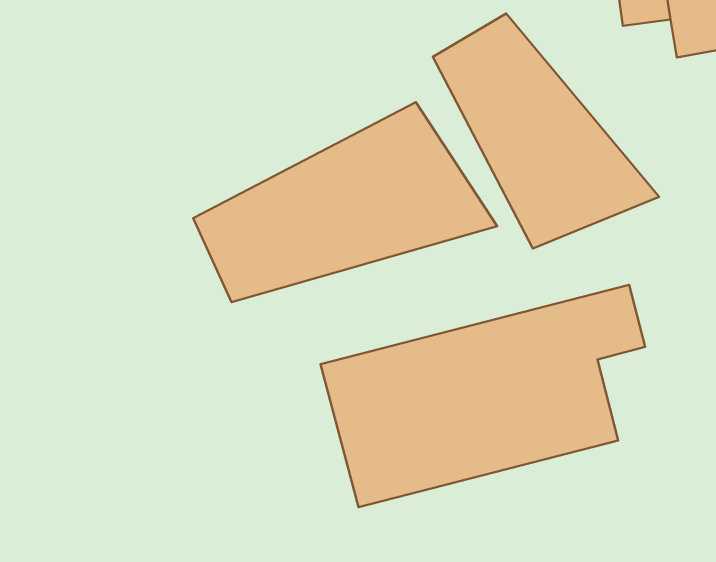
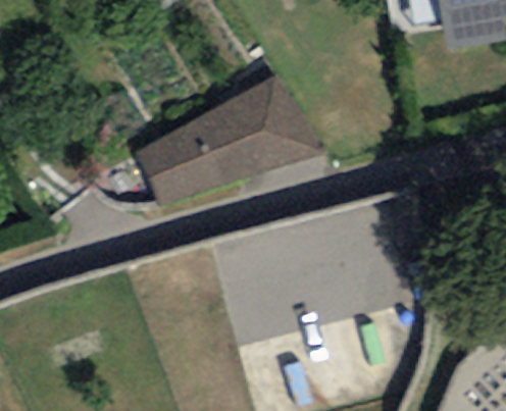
building: [433,14,659,249] -> none

